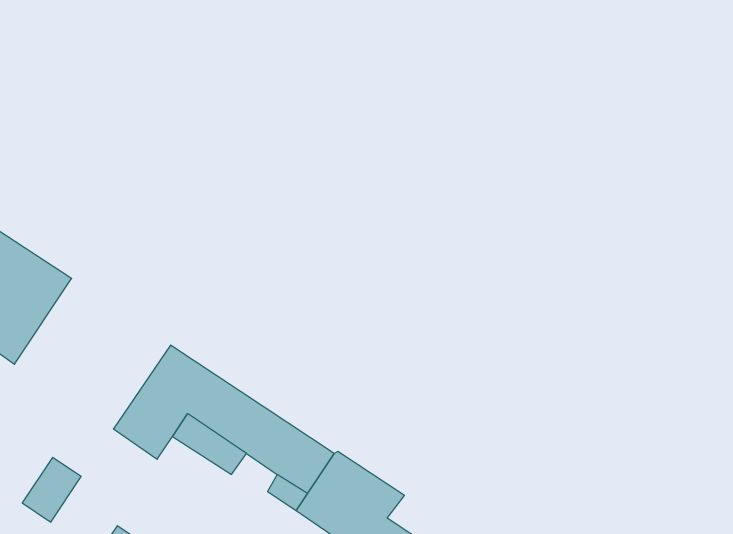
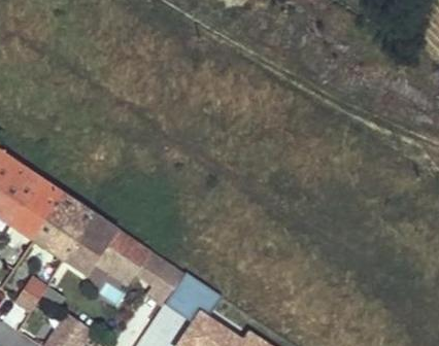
building: none -> [9,178,94,260]

